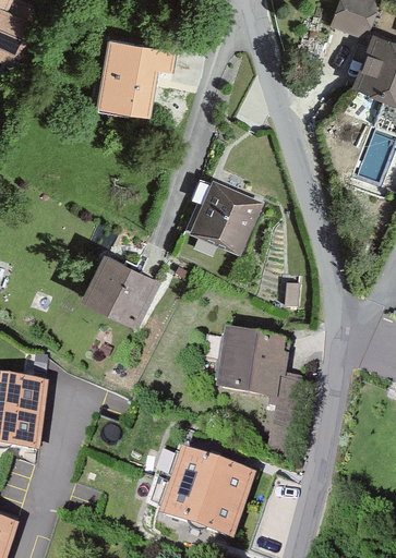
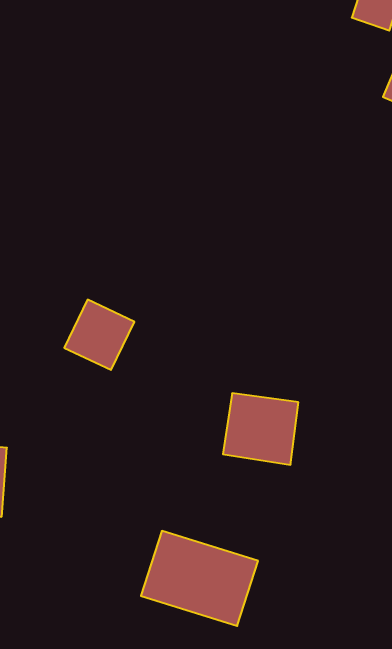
building: [106,44,171,113] -> none
building: [197,185,260,247] -> none

